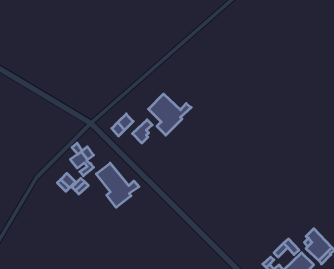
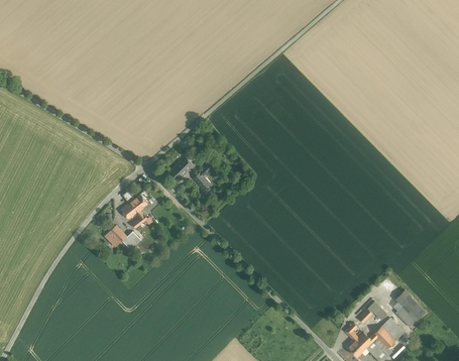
building: [148,94,191,135] -> none
building: [96,163,139,207] -> none

